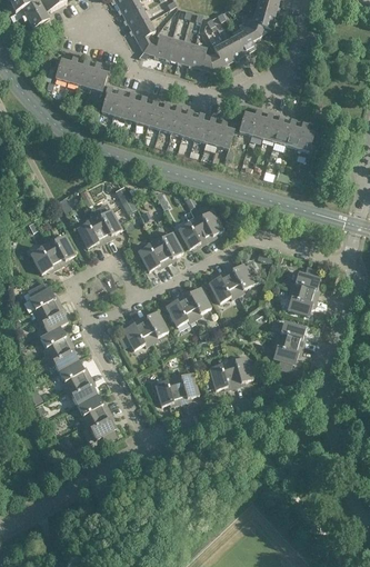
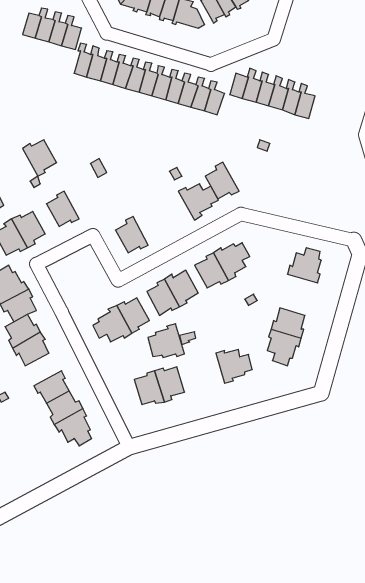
building: [92,209,122,241] -> [23,140,57,176]
building: [178,217,208,249] -> [205,162,239,199]
building: [153,232,183,265] -> none
building: [287,290,317,316] -> none
building: [58,360,90,389] -> none
building: [202,360,234,390] -> [148,324,184,358]

